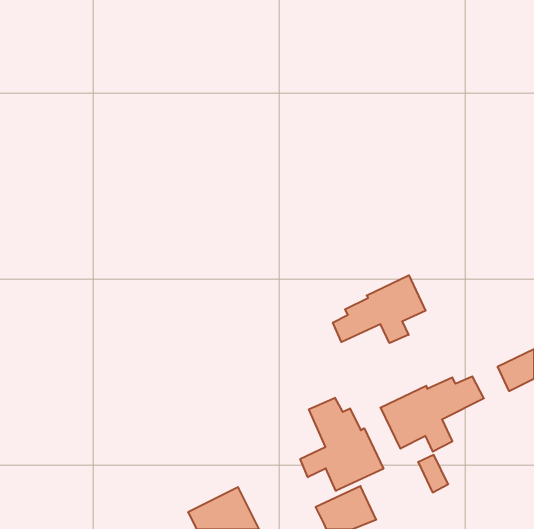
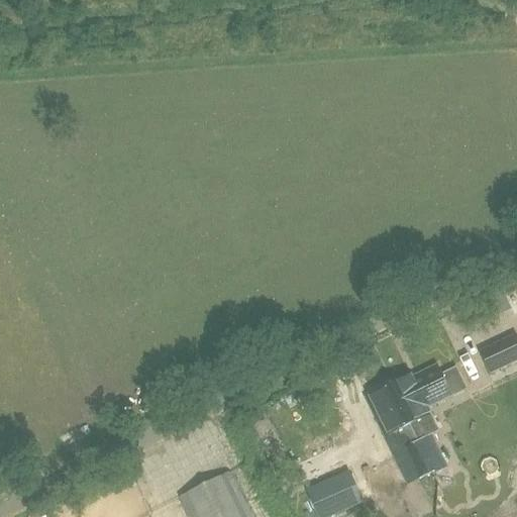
building: [333,275,426,343] -> none
building: [300,398,383,491] -> none

